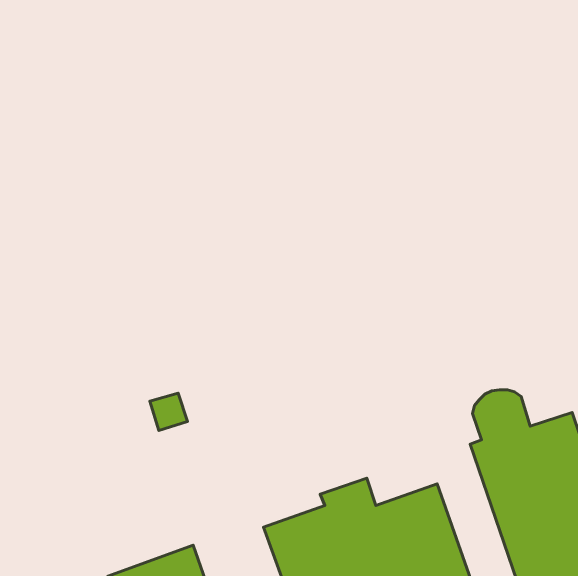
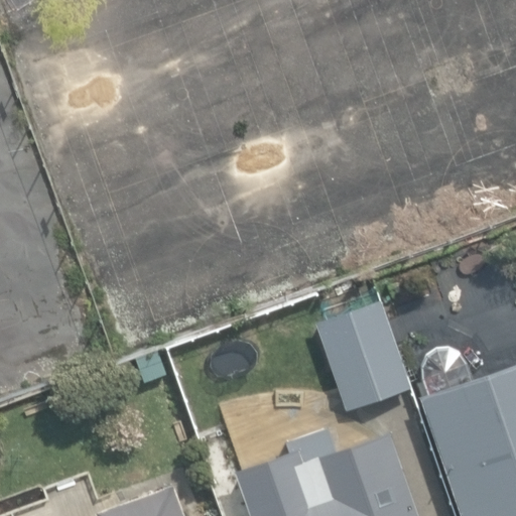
building: none -> [311,297,411,414]

